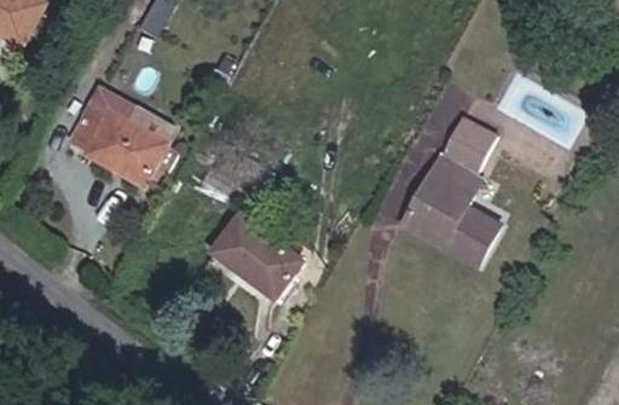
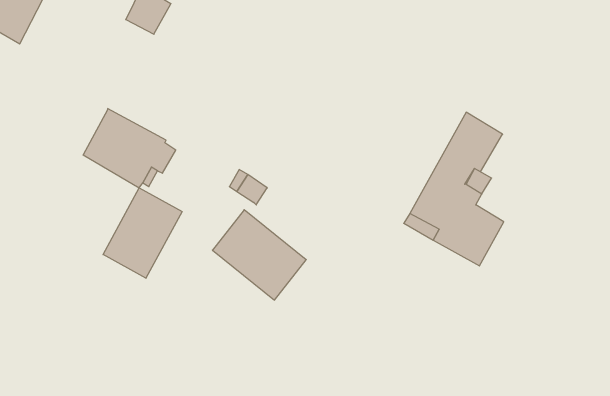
building: [63,98,109,155] -> none
building: none -> [103,188,182,278]

